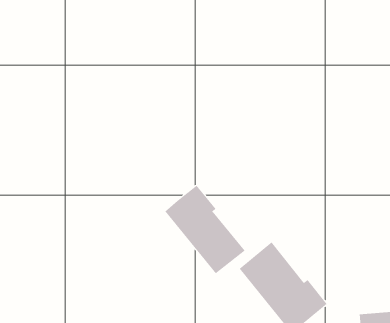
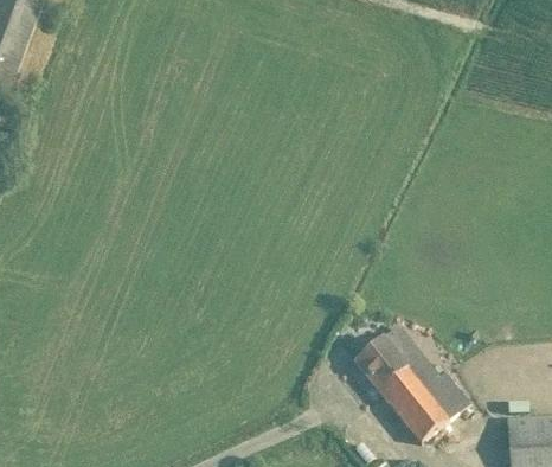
building: [165,185,245,274] -> none

